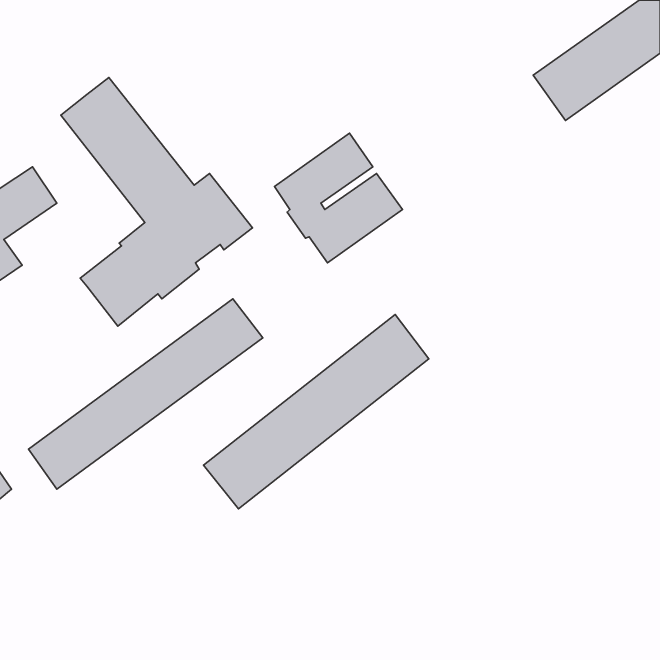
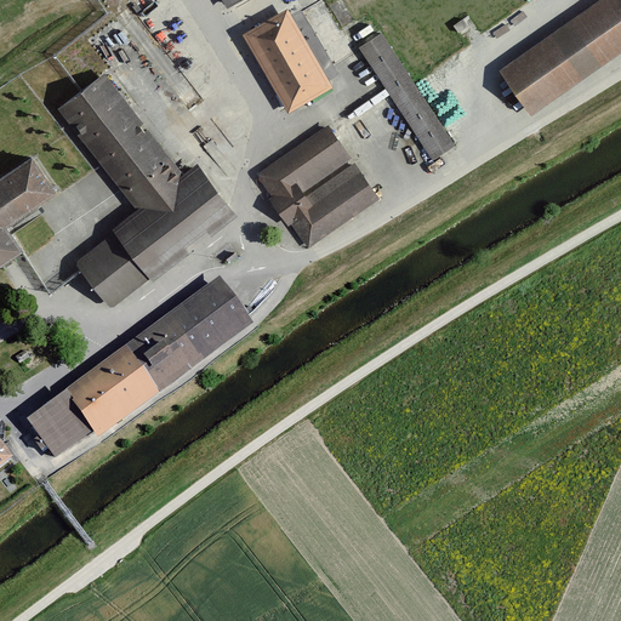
building: none -> [243,10,331,112]
building: none -> [359,35,452,159]
building: [203,314,429,509] -> none

